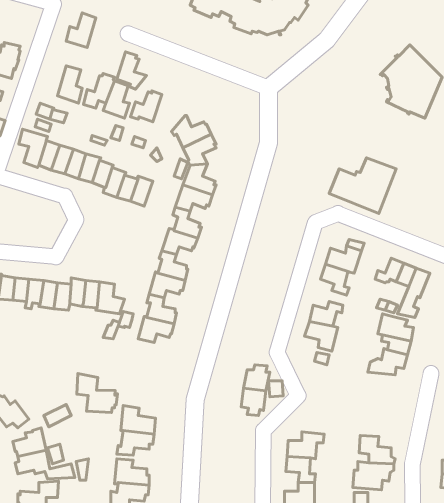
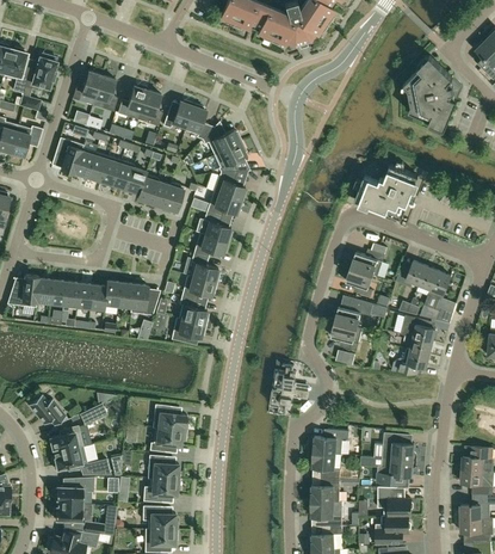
building: [66,13,96,47] -> [73,72,101,105]
building: [117,52,147,89] -> [185,104,214,140]
building: [77,374,117,412] -> none

